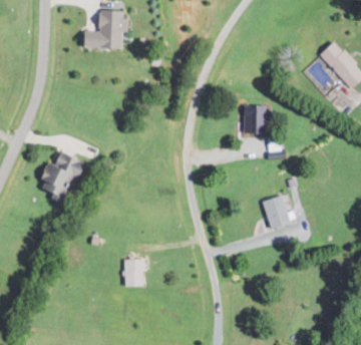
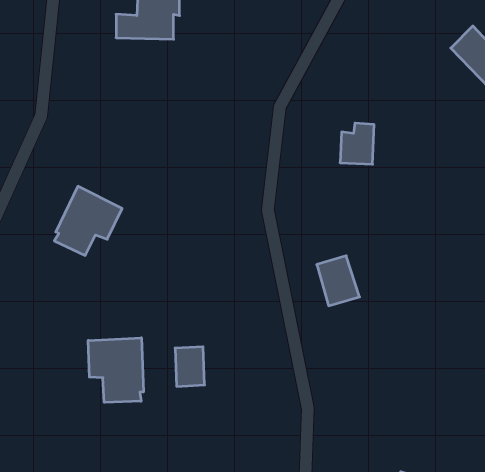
building: [256,195,285,229] -> [317,256,360,306]
building: none -> [88,338,143,402]

